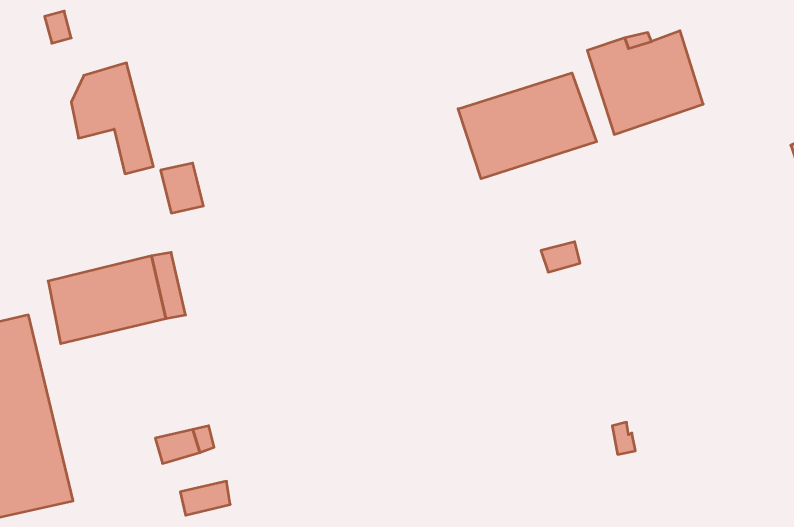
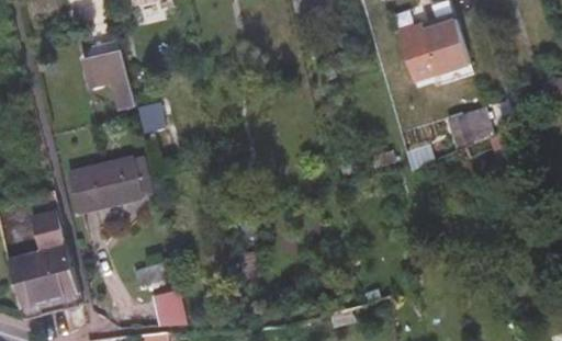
building: [458,73,597,179] -> none
building: none -> [448,106,495,147]

